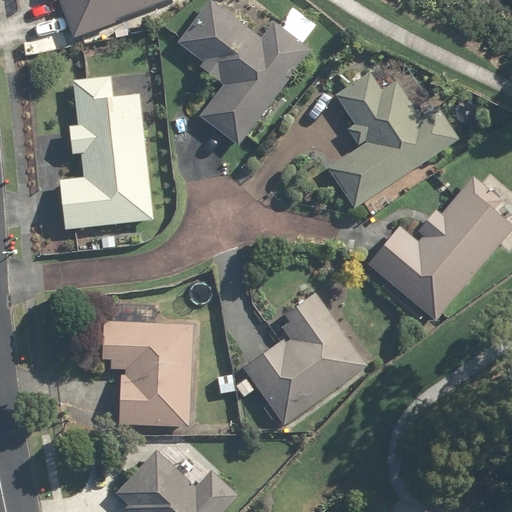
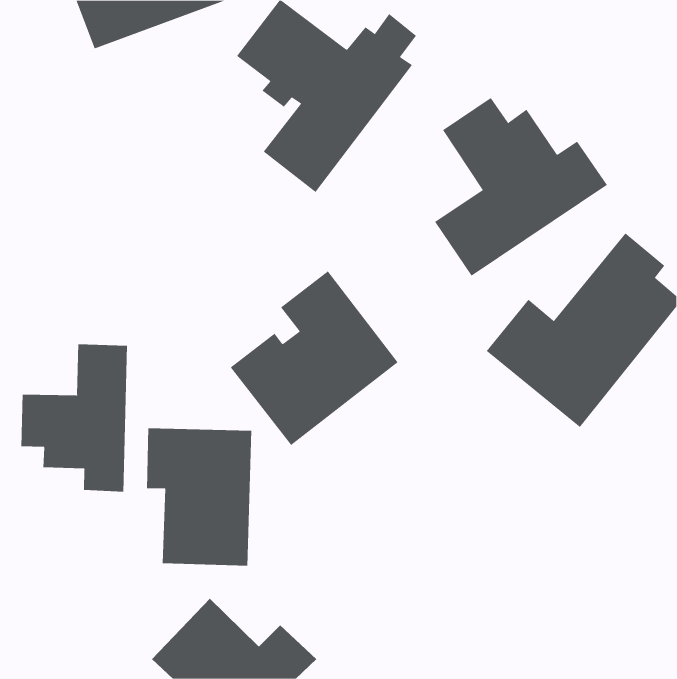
building: [59,76,150,229] -> none
building: none -> [21,343,128,493]
building: [241,296,368,428] -> [230,270,398,446]

